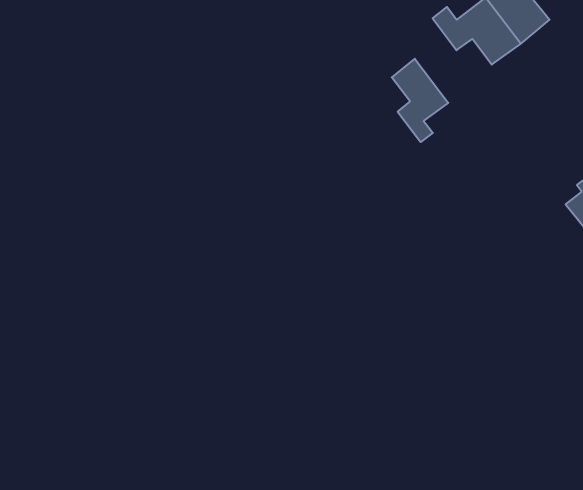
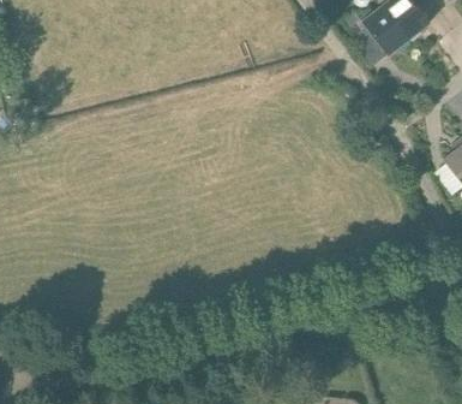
building: [392,59,448,142] -> none

